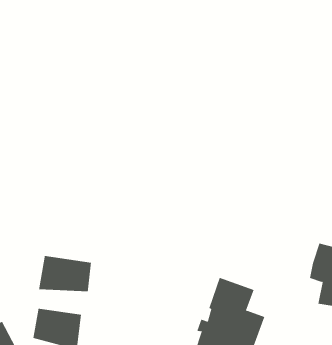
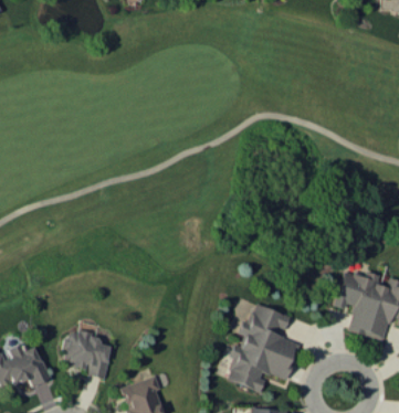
building: [38,255,91,292] -> none

